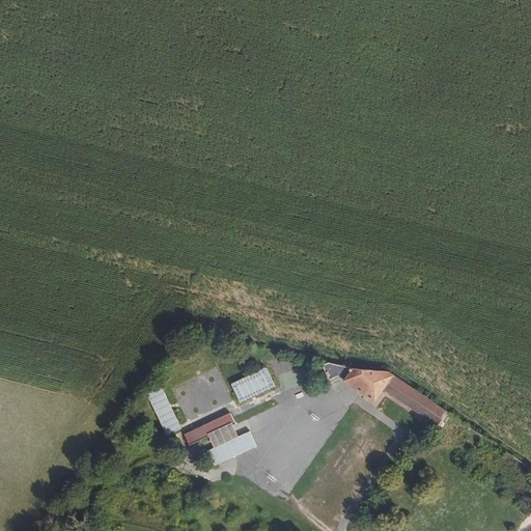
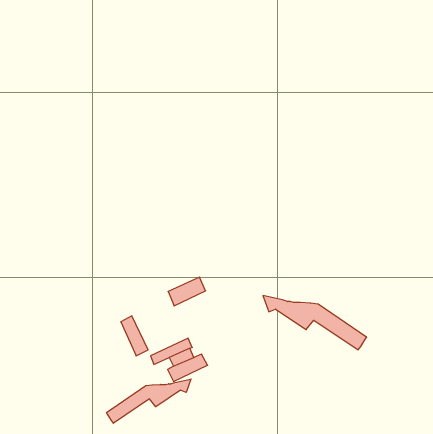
building: [229,367,275,402] -> [168,277,206,306]
building: none -> [107,379,191,423]

